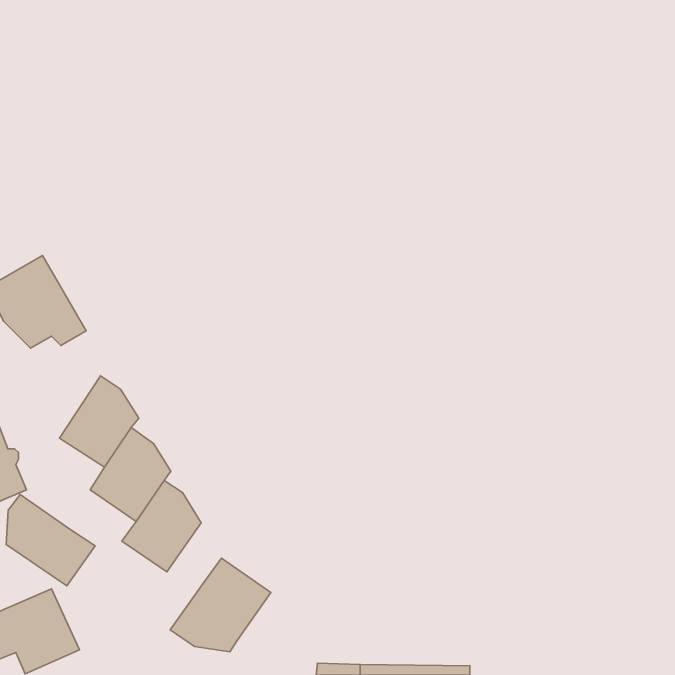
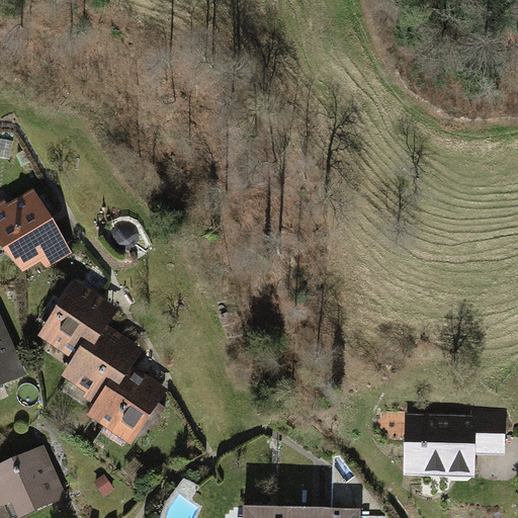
building: [6,494,95,586] -> none
building: none -> [406,412,504,471]
building: [170,558,271,652] -> none

